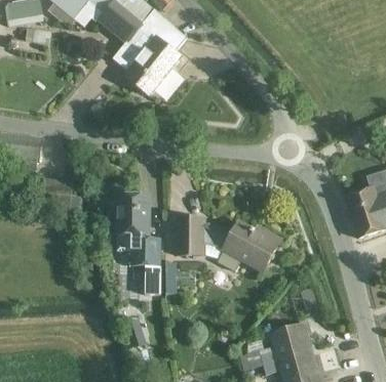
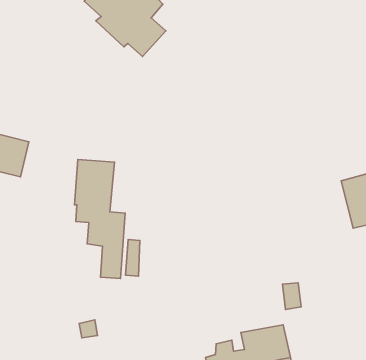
building: [173,217,278,271] -> none

